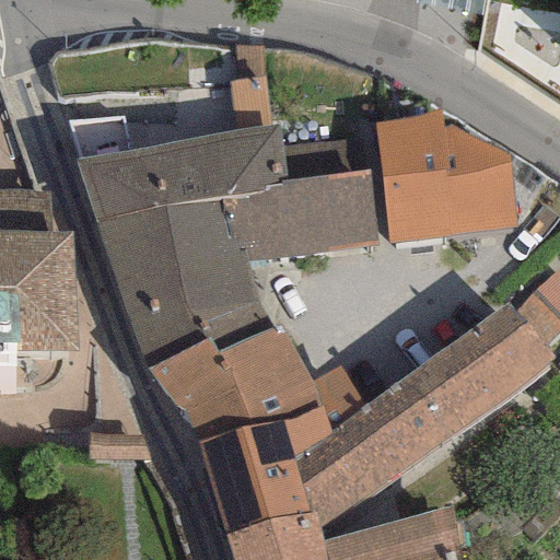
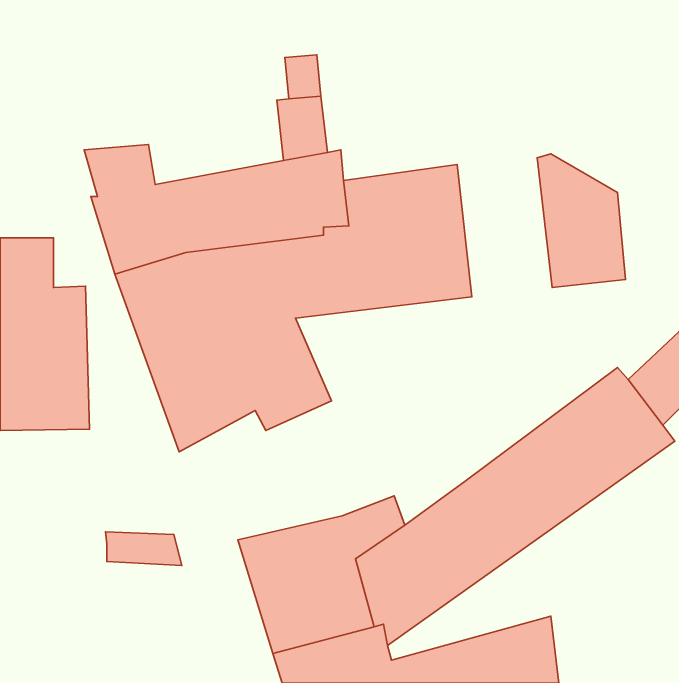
building: [375,115,455,243] -> none
building: [150,328,384,442] -> none

